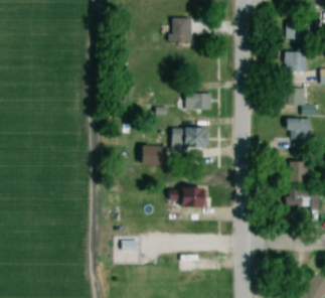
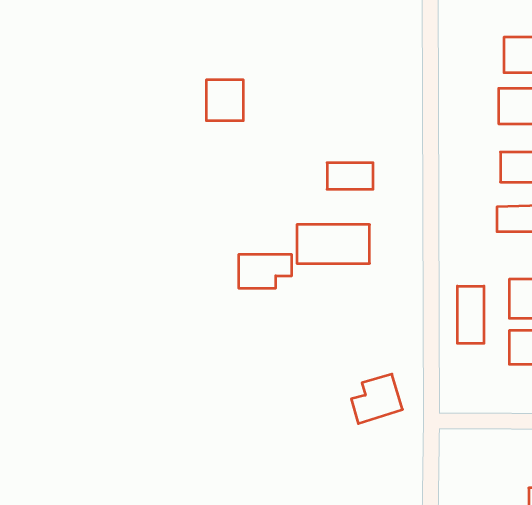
building: [171,17,192,40] -> [206,80,243,121]
building: none -> [457,286,484,343]
building: [173,184,202,212] -> [351,374,403,424]

